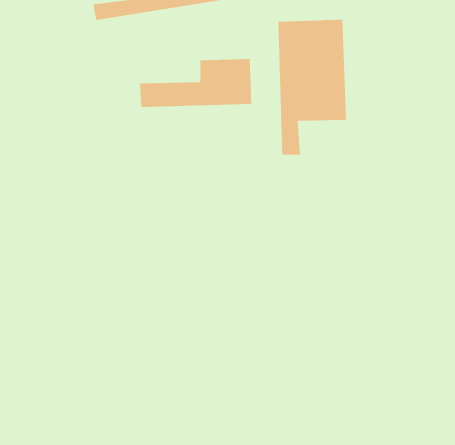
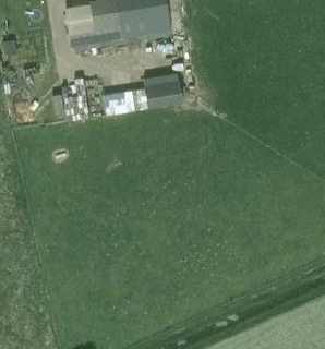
building: [278,19,347,155] -> none

